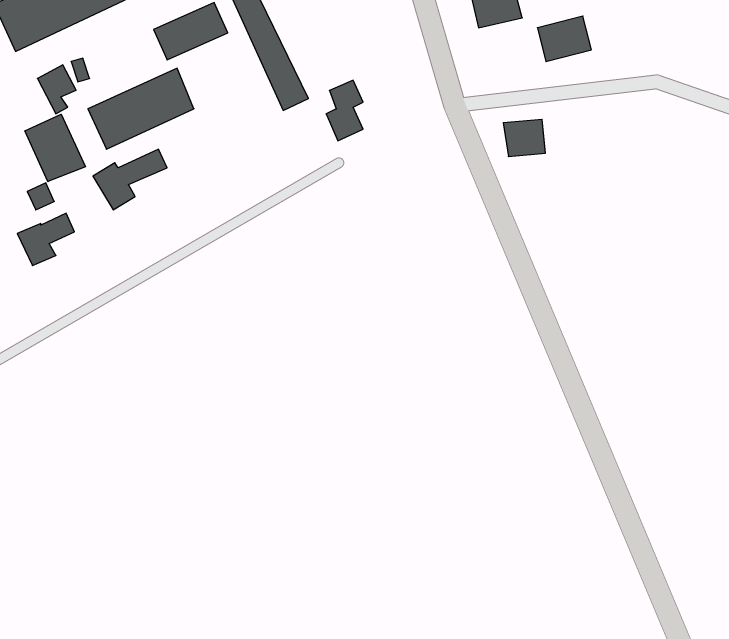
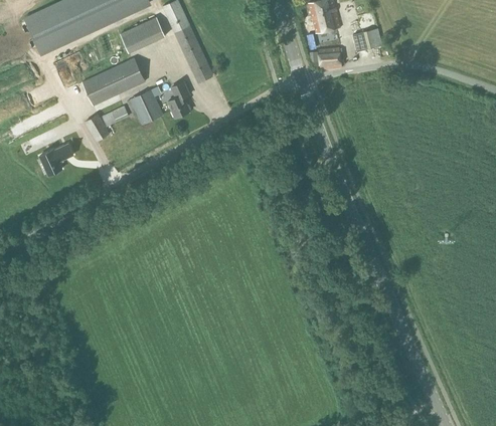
building: [326,80,363,141] -> [168,81,190,118]
building: [25,114,85,182] -> none
building: [503,119,545,157] -> [317,47,342,69]
building: none -> [127,88,163,125]

